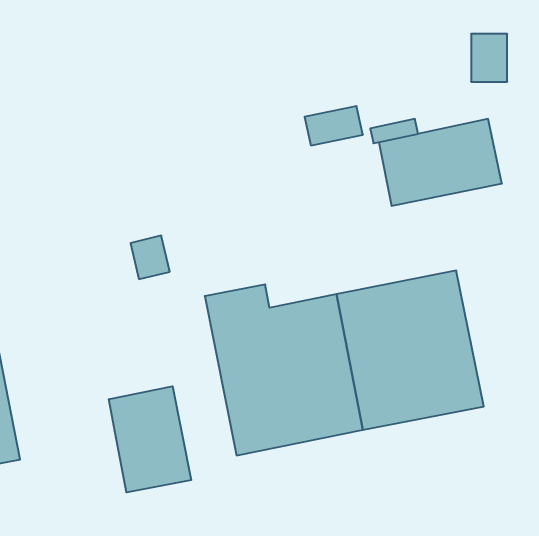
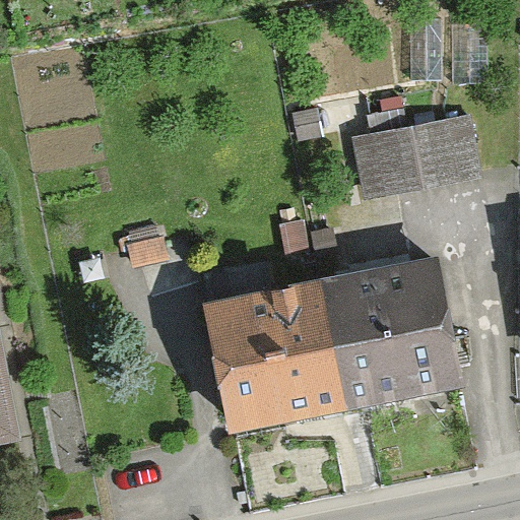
building: [109,386,191,492] -> none

